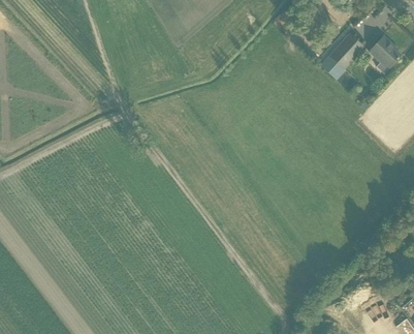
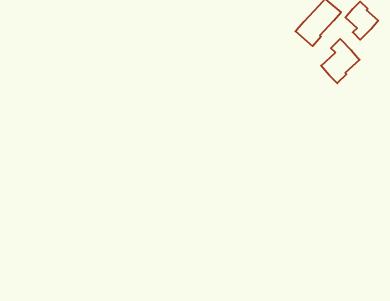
building: none -> [321,39,360,83]

